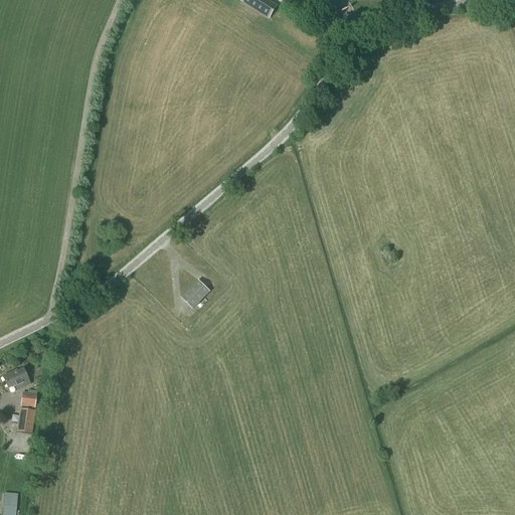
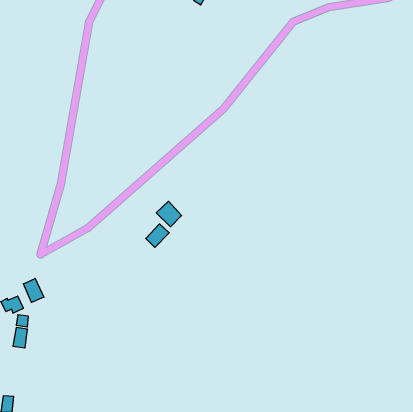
building: none -> [156,201,182,227]
building: none -> [23,278,44,302]

